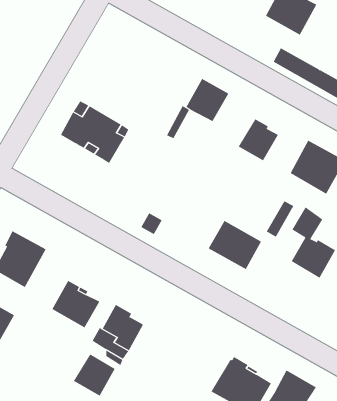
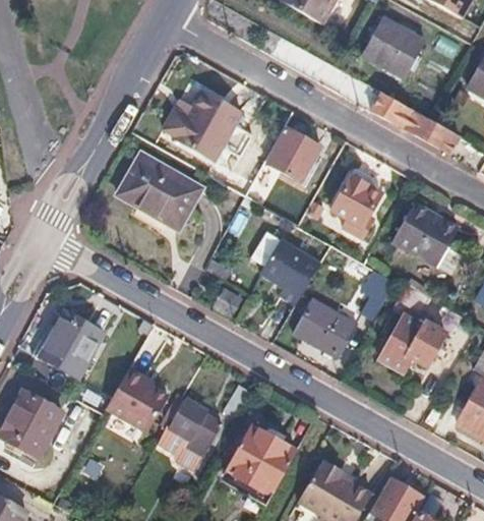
building: none -> [157,86,238,159]
building: none -> [258,239,320,306]
building: none -> [227,424,298,496]
building: [73,354,116,397] -> none

